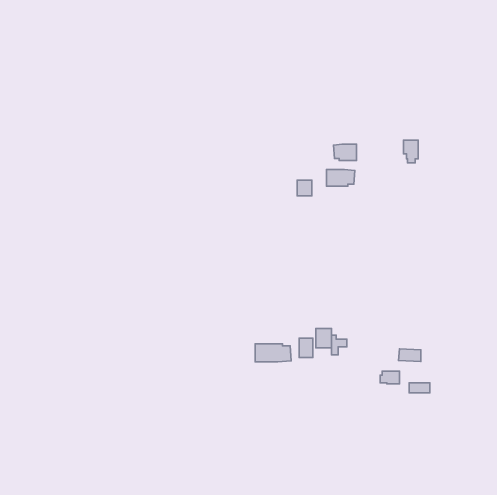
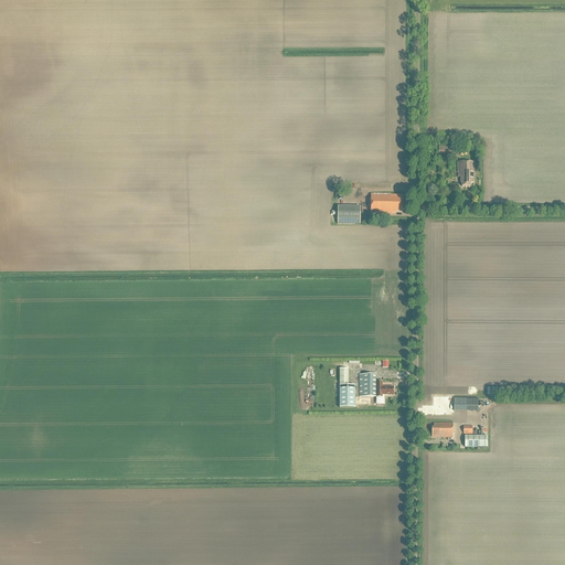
building: [334,144,357,160] -> none
building: [255,344,291,362] -> none

